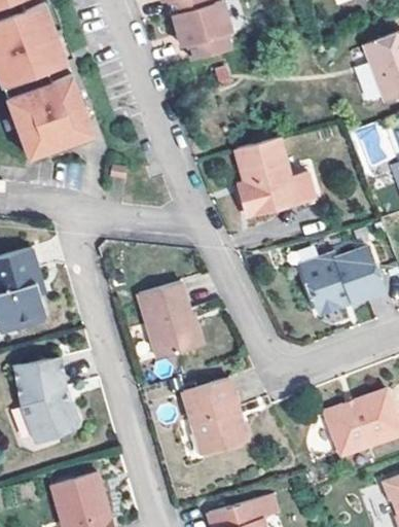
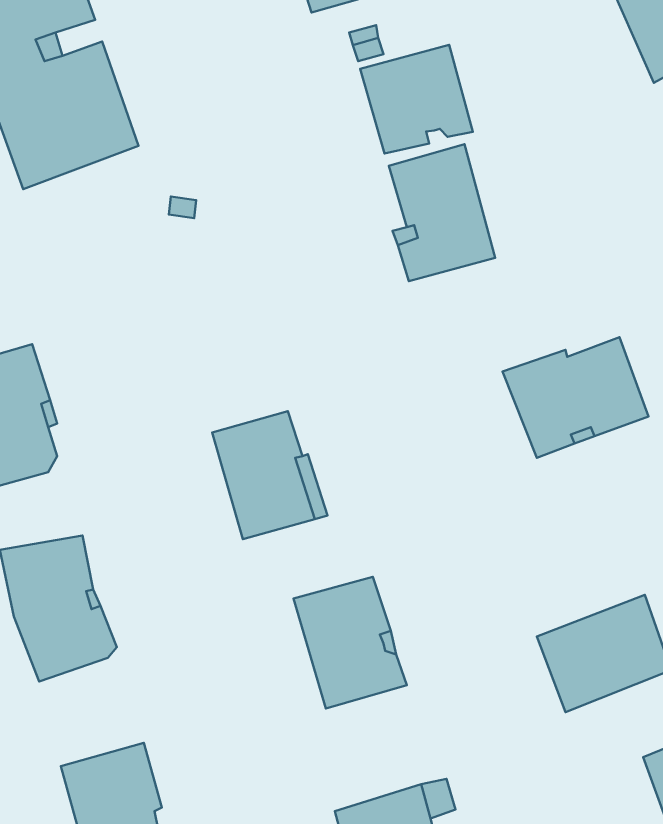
building: none -> [360,45,473,153]

